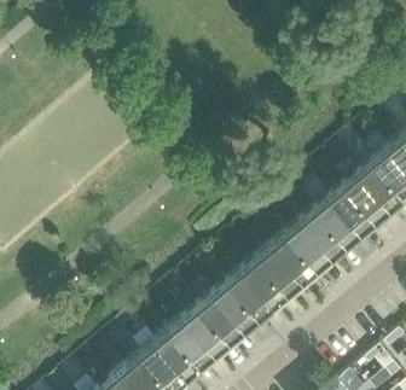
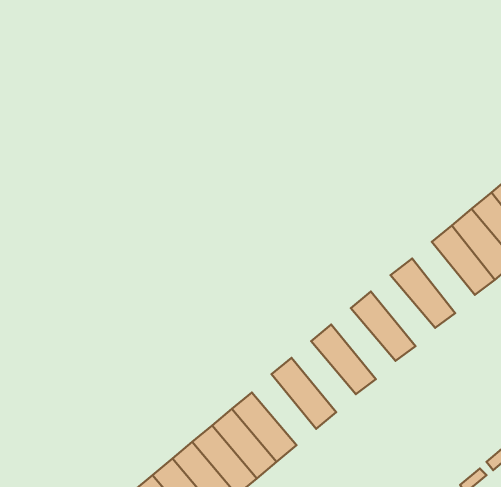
building: [326,184,372,235] -> none
building: [296,208,343,260] -> none
building: [267,232,314,284] -> none
building: [238,256,285,308] -> none
building: [209,280,256,332] -> none

